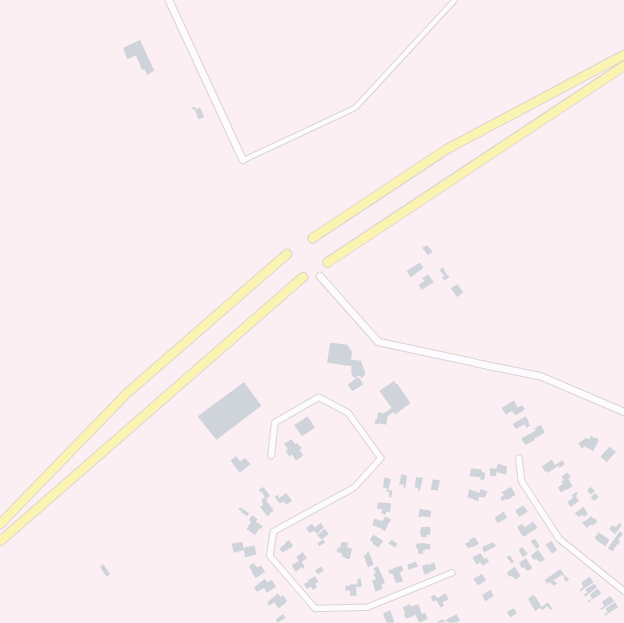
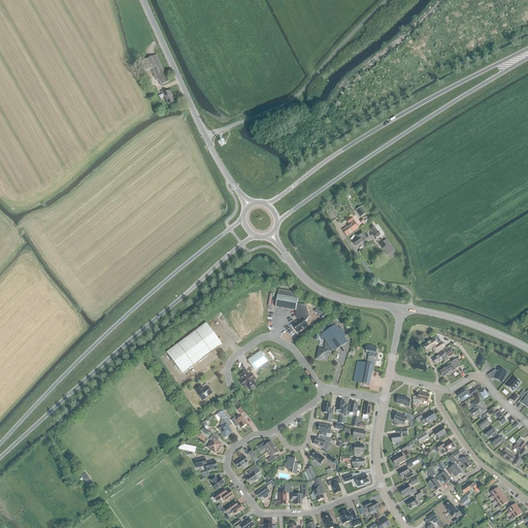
building: [122,39,155,76] -> [140,54,168,85]
building: none -> [353,344,377,384]

